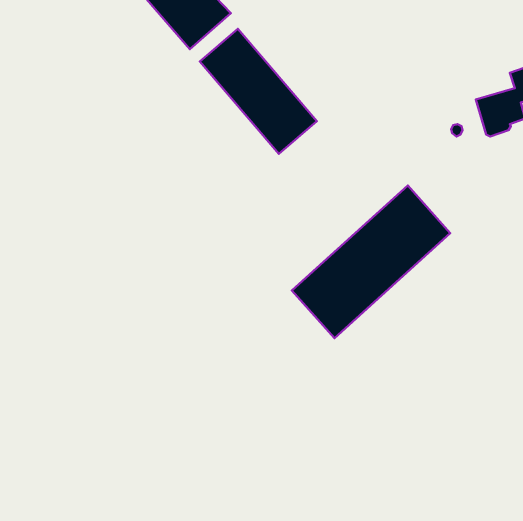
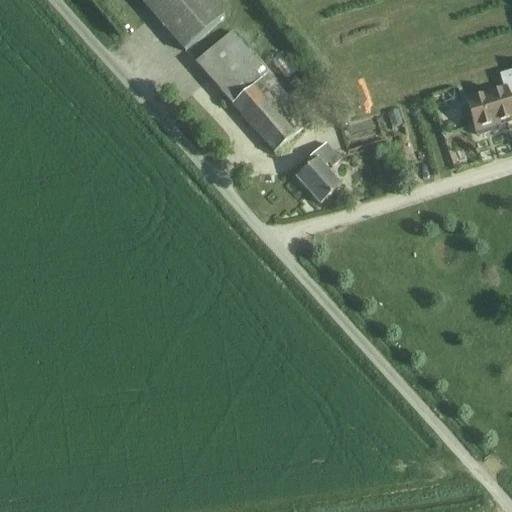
building: none -> [297,139,342,199]
building: [292,186,450,338] -> none

